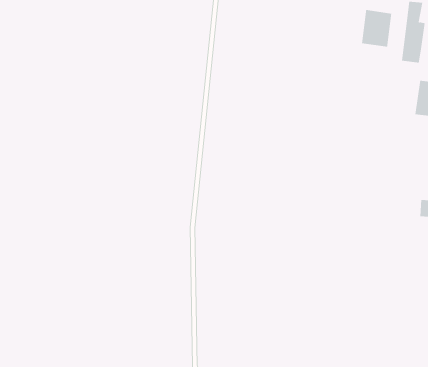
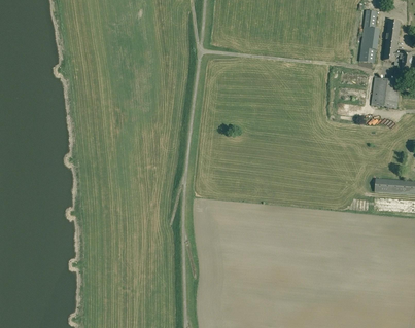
building: [361,9,392,48] -> none

